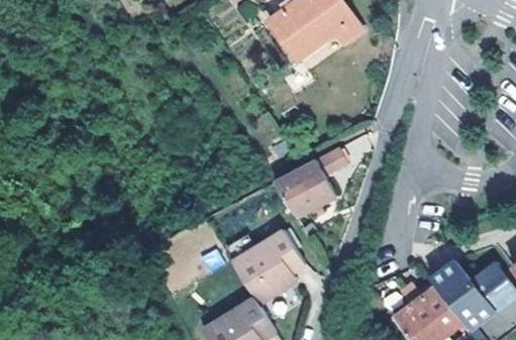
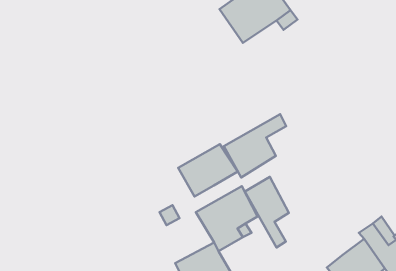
building: none -> [178,144,238,197]
building: none -> [245,177,289,248]

